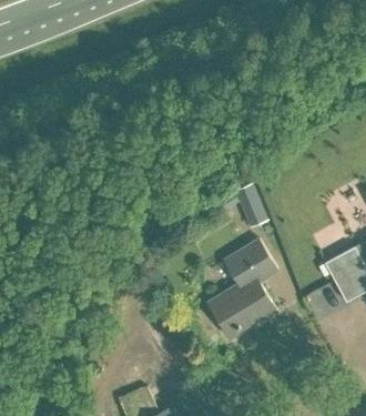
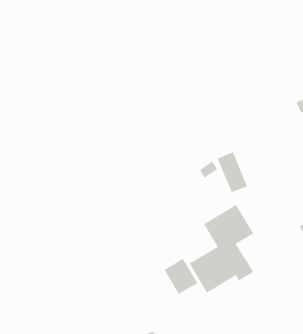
building: none -> [164,258,198,295]

